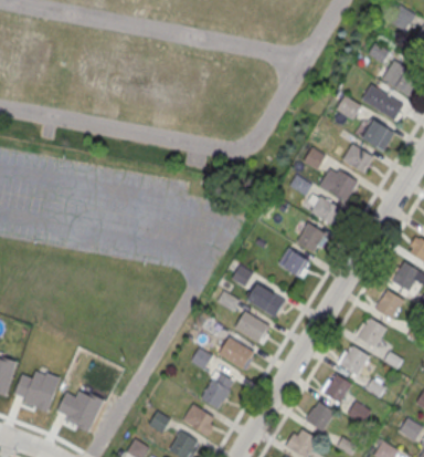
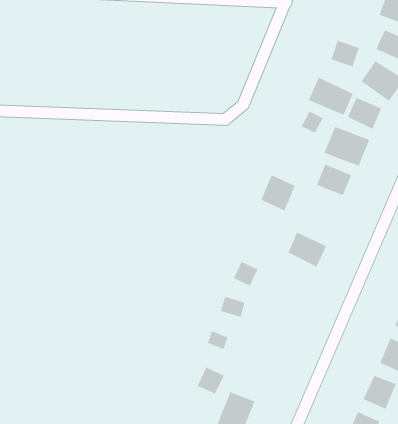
building: none -> [308,76,354,116]
building: [296,222,327,255] -> [260,174,296,212]
building: [245,282,285,319] -> none
building: [234,310,272,344] -> none
building: [218,335,254,370] -> none

